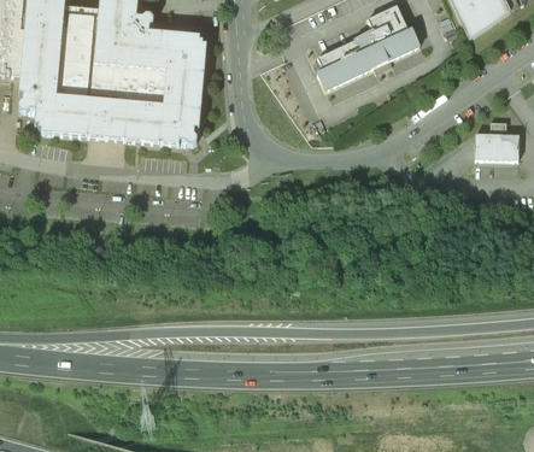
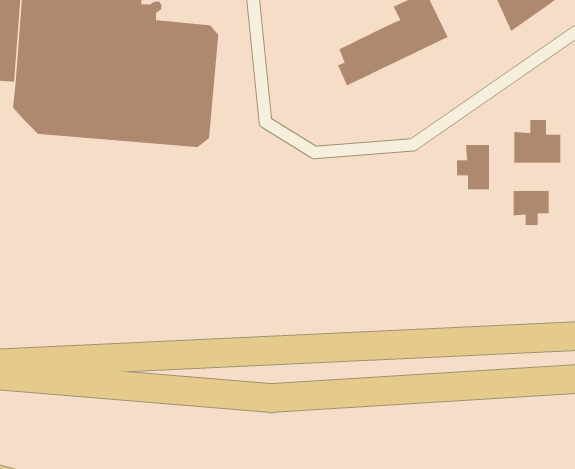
building: none -> [457,144,489,190]
building: none -> [513,190,549,226]

